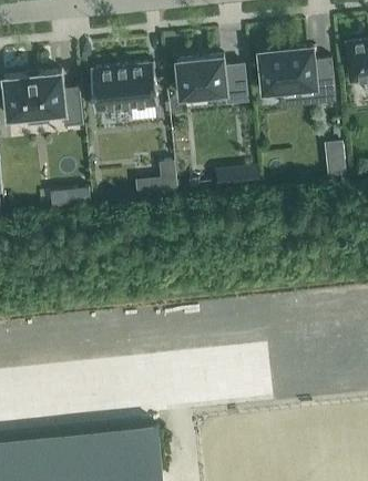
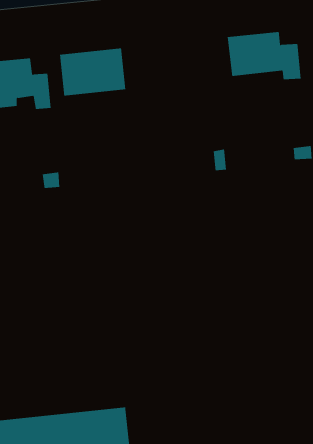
building: [176,57,248,104] -> none
building: [134,162,176,199] -> none

